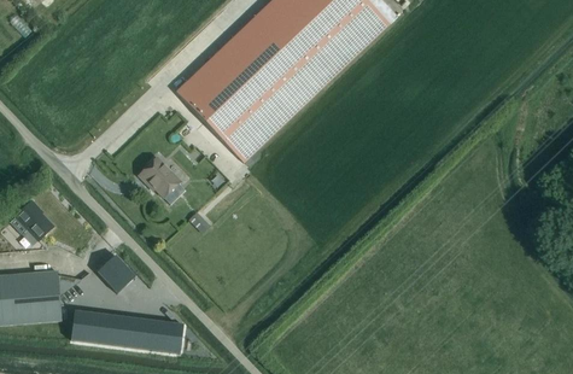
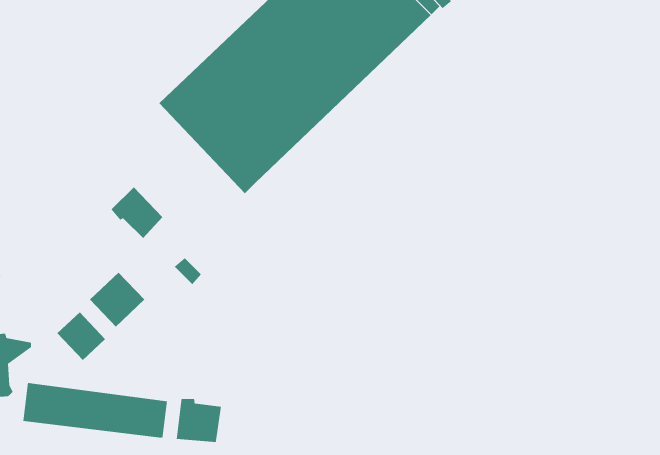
building: none -> [89,272,145,327]
building: none -> [176,398,222,443]

